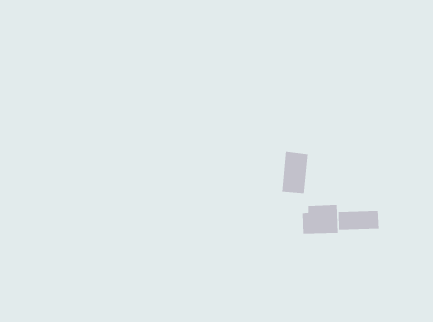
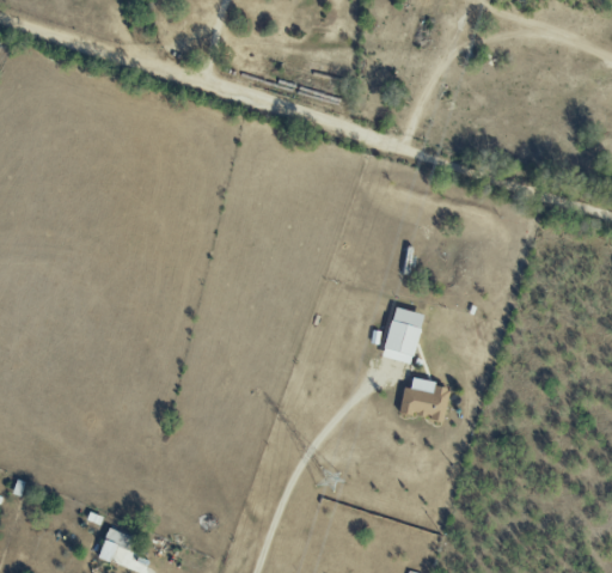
building: [338,210,379,231] -> none

